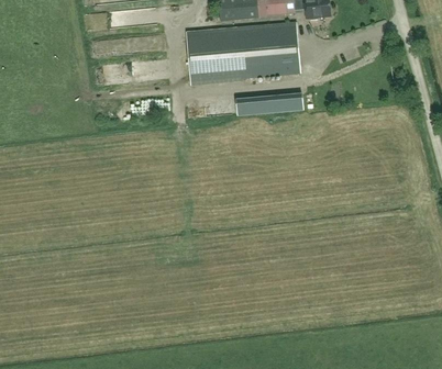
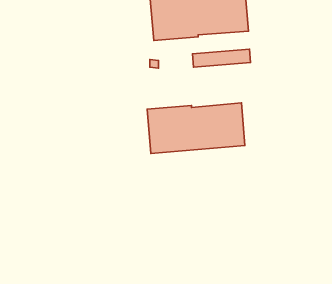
building: none -> [147,103,245,154]

